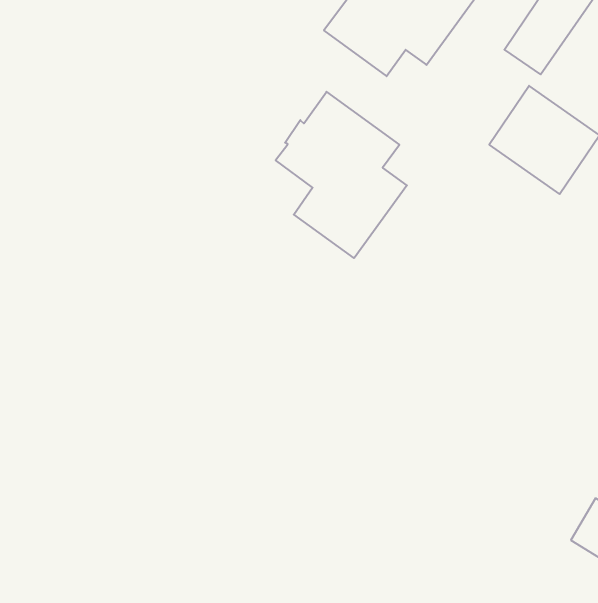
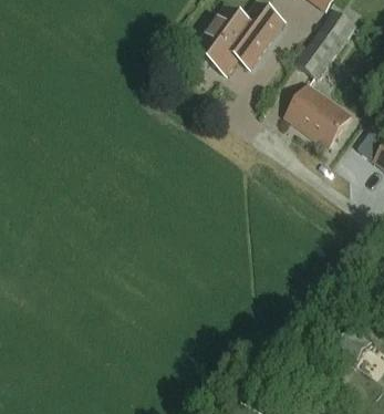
building: [276,92,407,258] -> none

